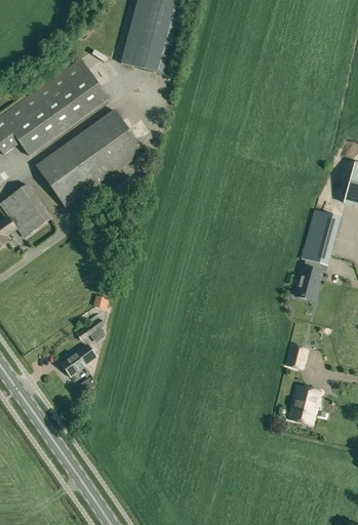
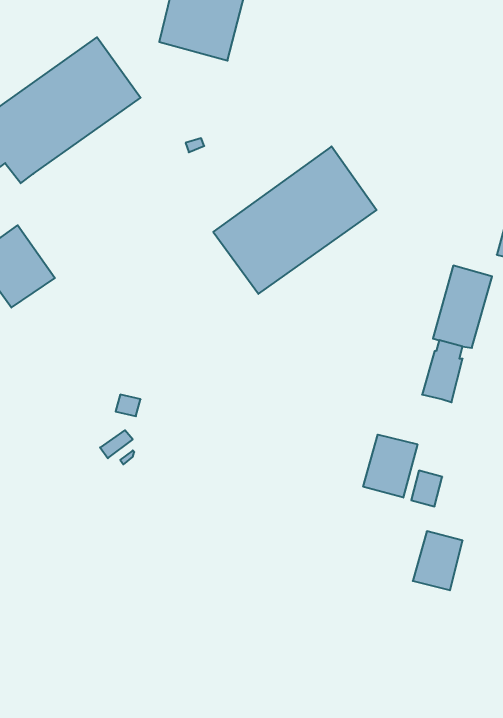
building: [35,109,143,206] -> [213,146,377,294]
building: none -> [363,435,417,498]
building: [61,344,94,375] -> none

